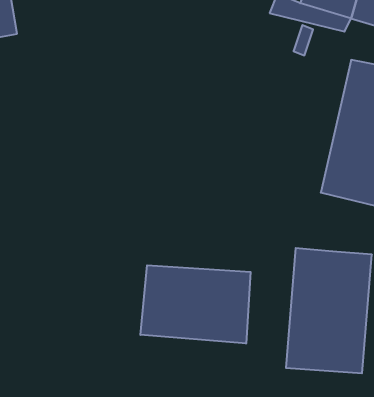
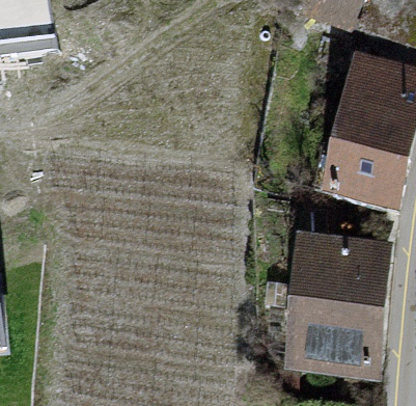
building: [140,265,251,344] -> none

